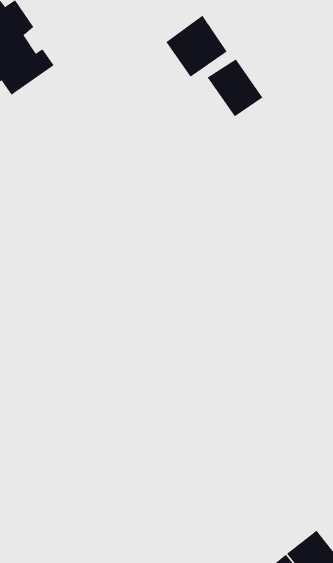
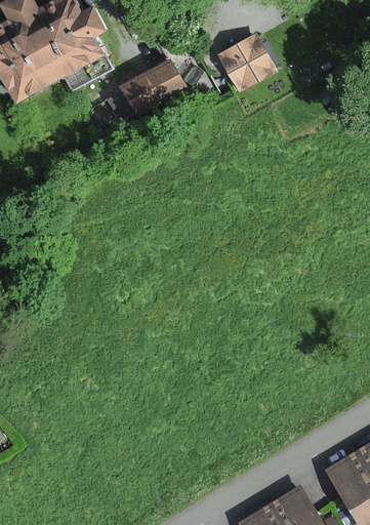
building: none -> [119,63,182,115]
building: [207,58,263,117] -> none

